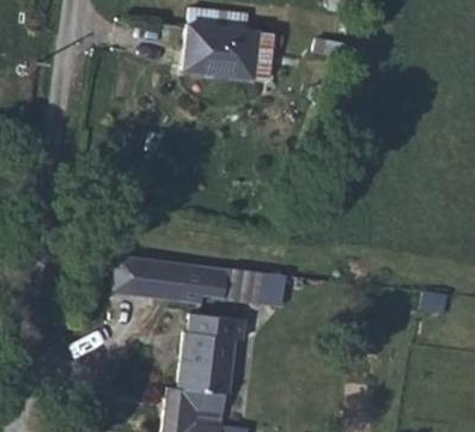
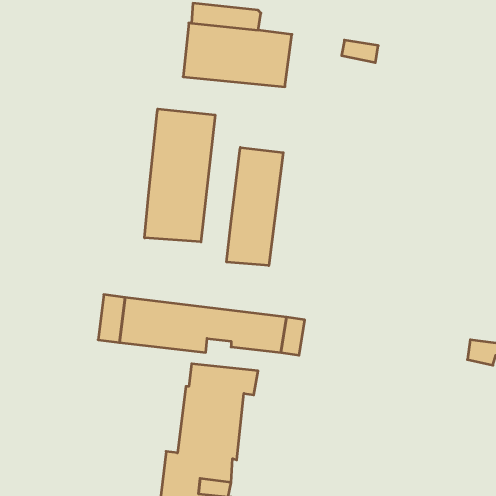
building: none -> [145,109,215,242]
building: none -> [227,147,283,266]

